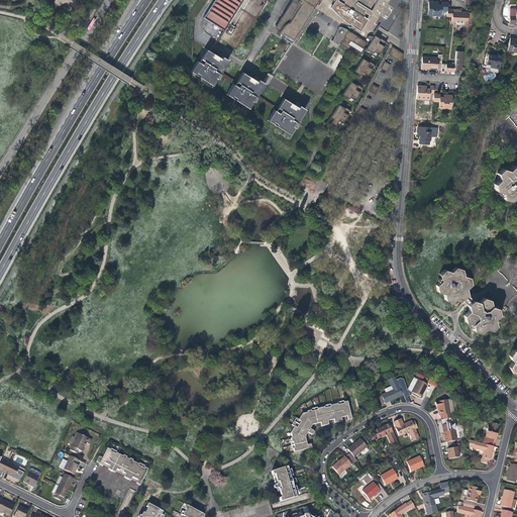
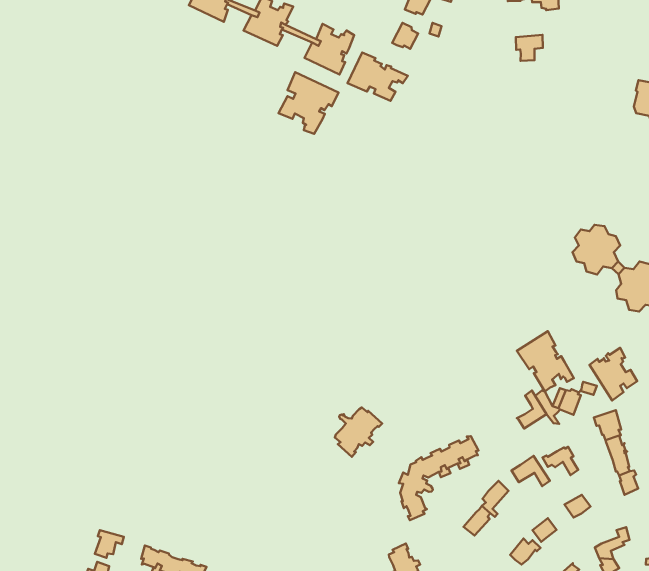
building: none -> [348,52,408,101]
building: none -> [279,72,339,134]
building: none -> [517,331,574,392]
building: none -> [590,348,637,400]
building: none -> [335,407,382,457]

